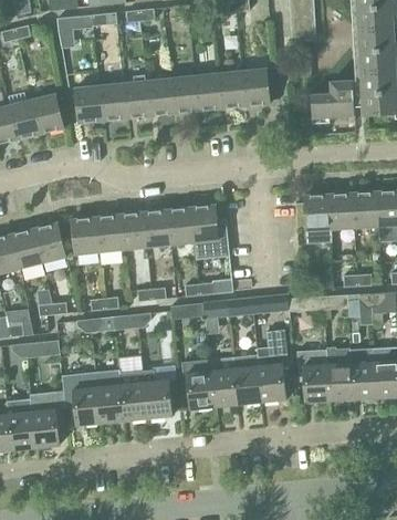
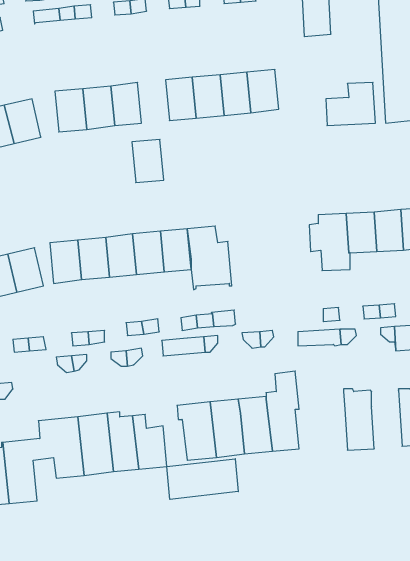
building: [147,79,175,116] -> [132,139,164,183]
building: [351,349,377,399] -> none
building: [295,350,330,402] -> none
building: none -> [167,459,238,499]

